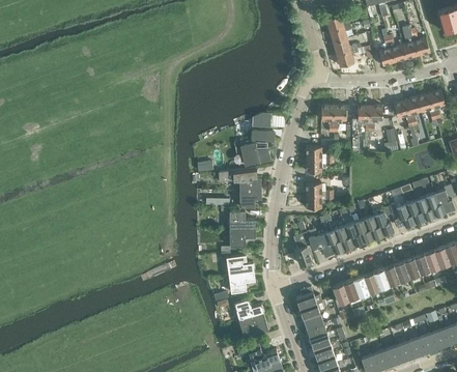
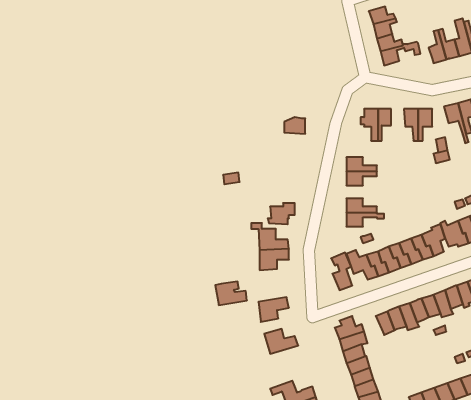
building: [242,132,275,166] -> none
building: [219,169,261,193] -> none
building: [226,256,254,277] -> [215,282,247,305]
building: [239,315,269,339] -> none

